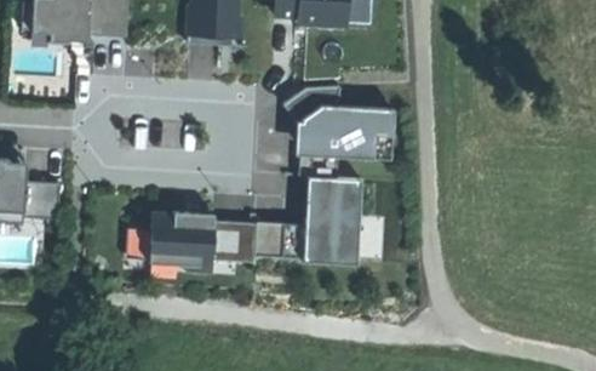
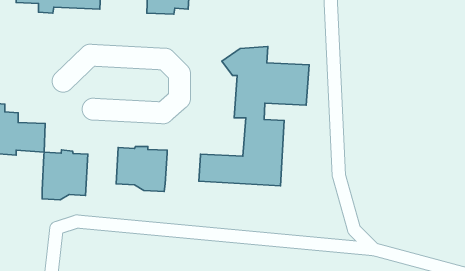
building: none -> [42,150,88,200]
building: [210,221,254,262] -> none

